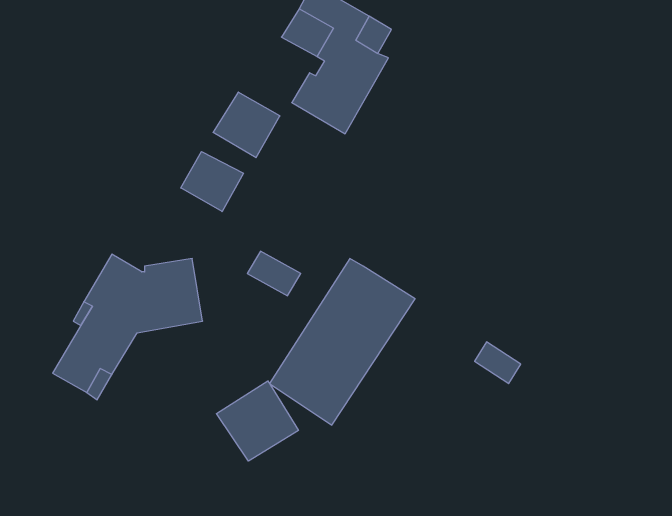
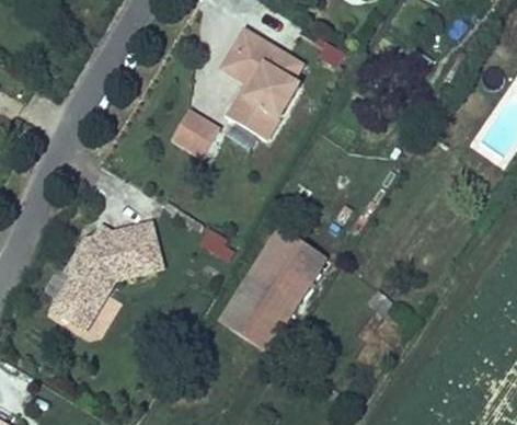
building: [181,152,243,212] -> none
building: [216,381,298,461] -> none

